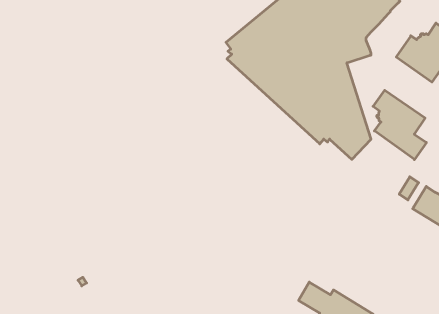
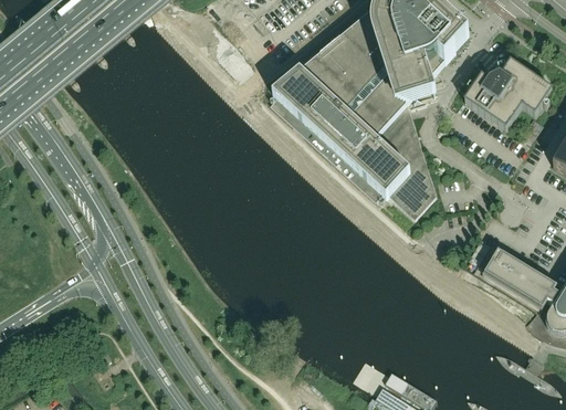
building: [373,90,426,160] -> none

